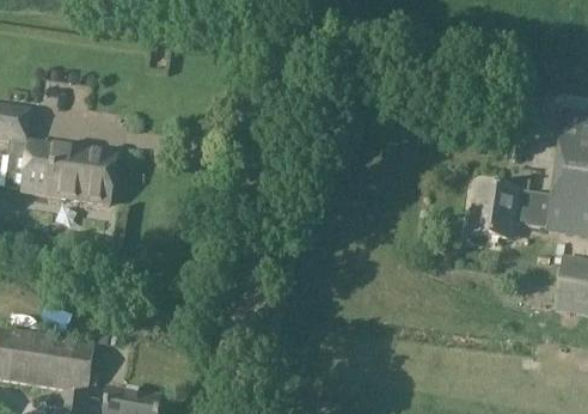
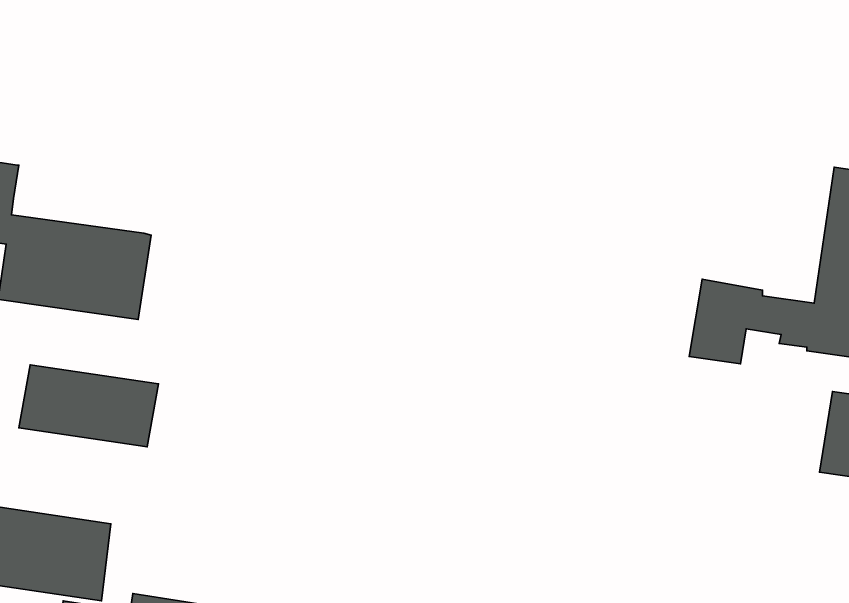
building: none -> [19,365,159,447]

